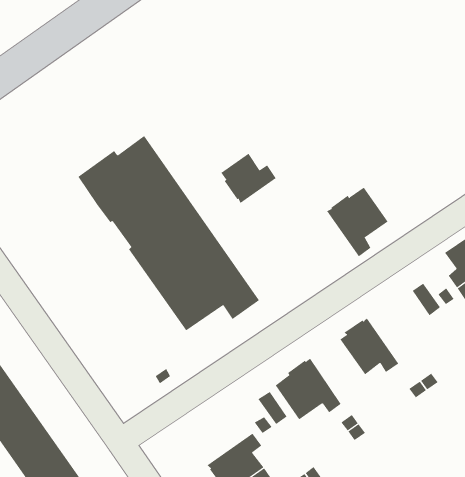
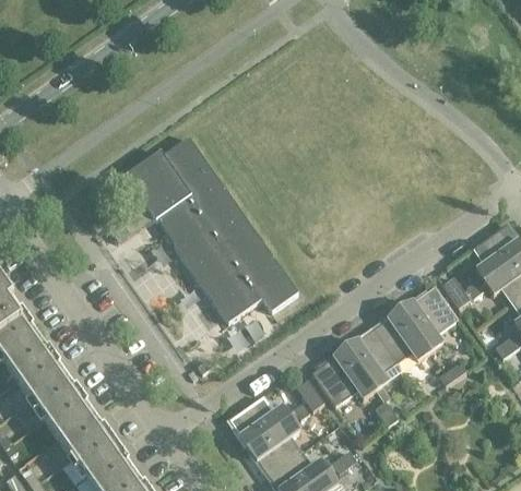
building: [220,153,277,204] -> none
building: [326,187,388,257] -> [399,286,458,352]
building: none -> [345,330,396,391]
building: none -> [228,396,291,448]

